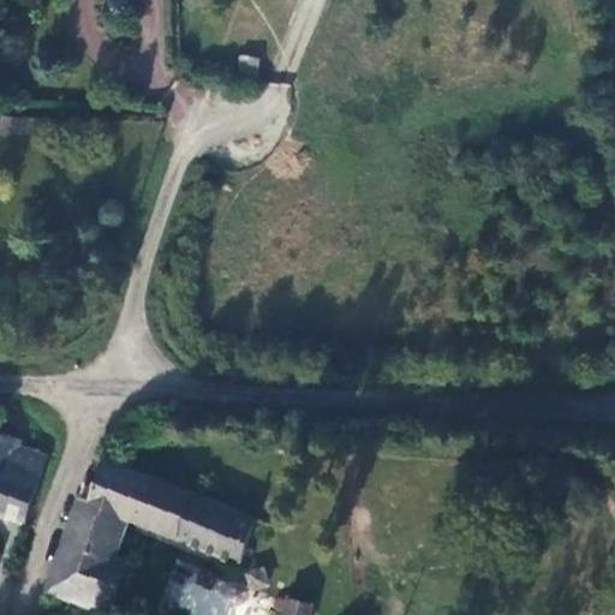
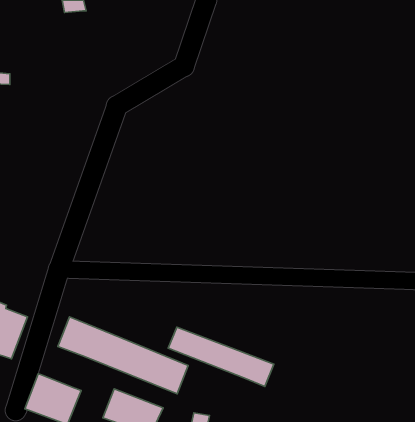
building: none -> [168,327,274,387]
building: [60,501,123,563] -> none

